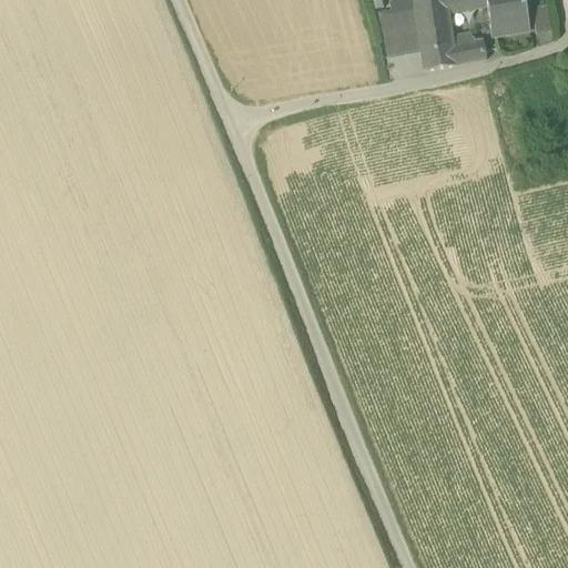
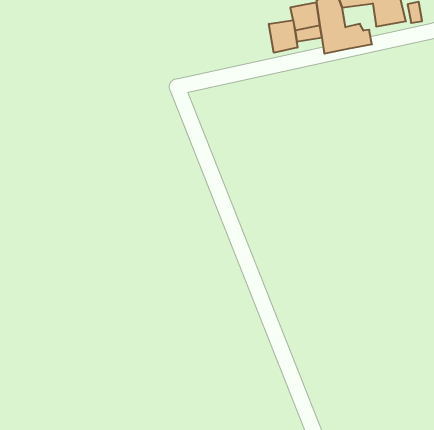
building: none -> [269,20,297,53]

